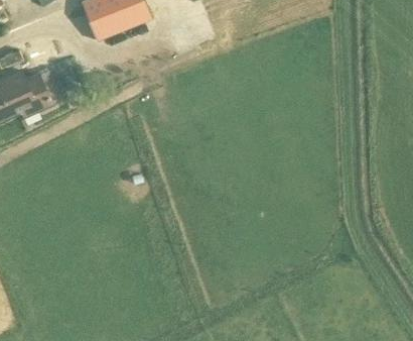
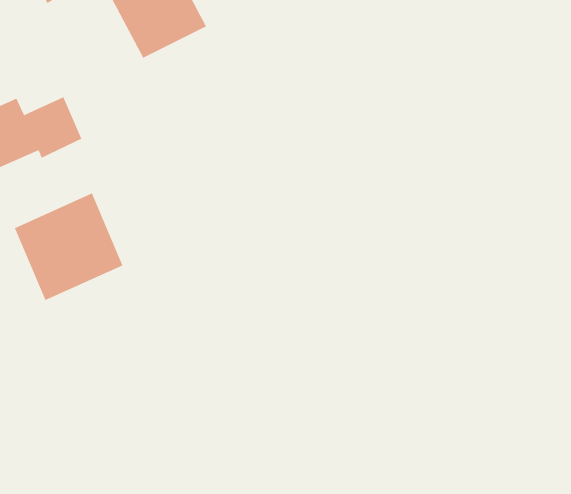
building: none -> [14,193,123,301]

